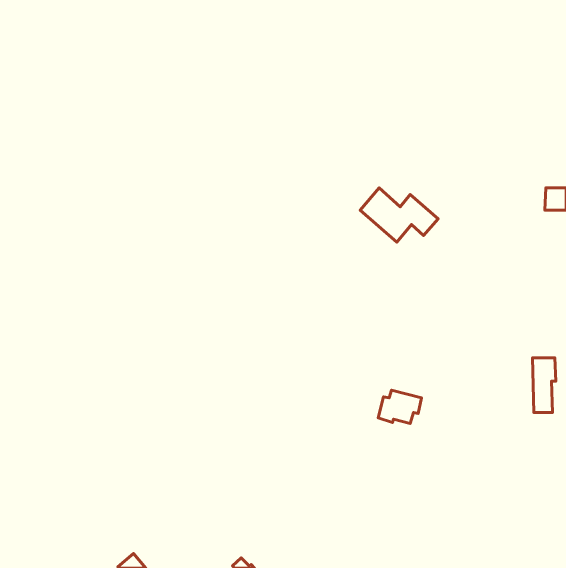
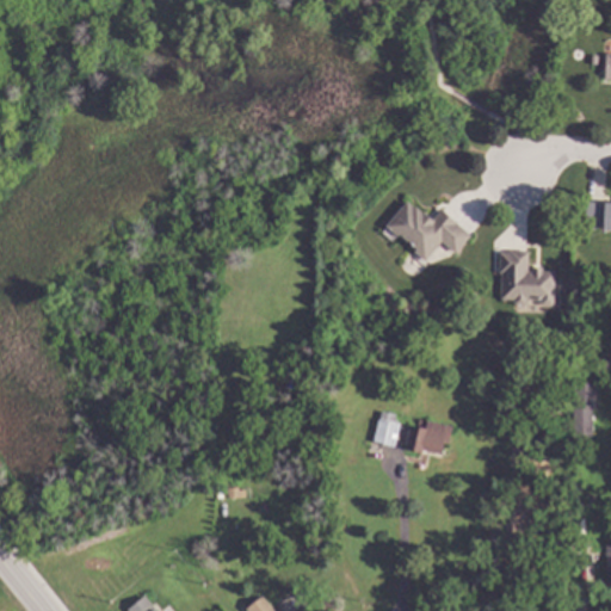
building: none -> [500,251,555,306]
building: none -> [374,419,400,446]

